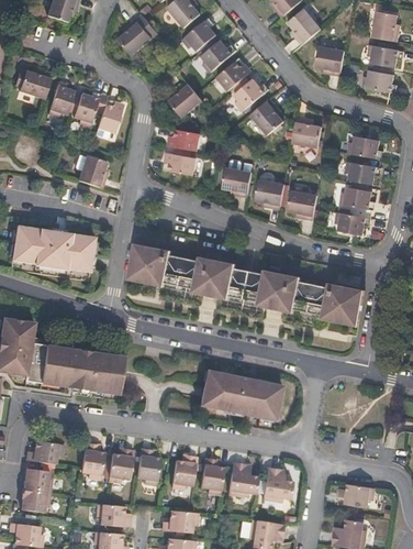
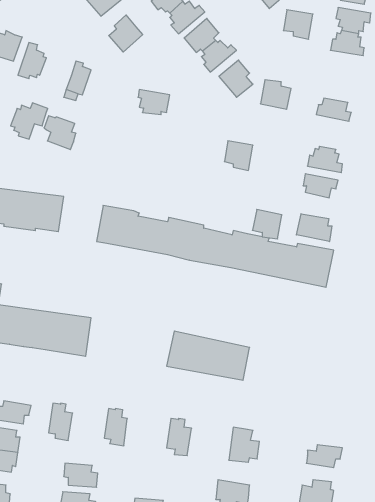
building: [168,80,202,118] -> [109,15,143,52]
building: [70,90,108,127] -> [11,103,48,139]
building: [163,151,197,175] -> none
building: [346,162,381,188] -> none
building: [222,166,253,197] -> none
building: [288,190,317,220] -> [252,209,282,239]
building: none -> [296,214,332,242]
building: [107,447,131,484] -> none
building: [169,454,196,491] -> none
building: [226,462,257,497] -> none
building: [160,510,197,534] -> none

